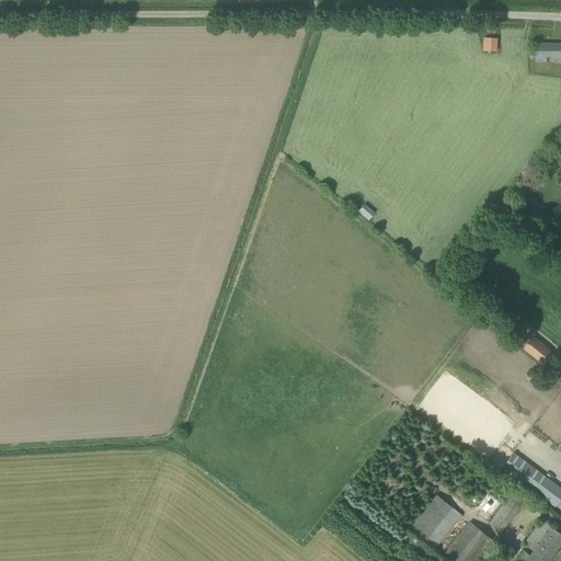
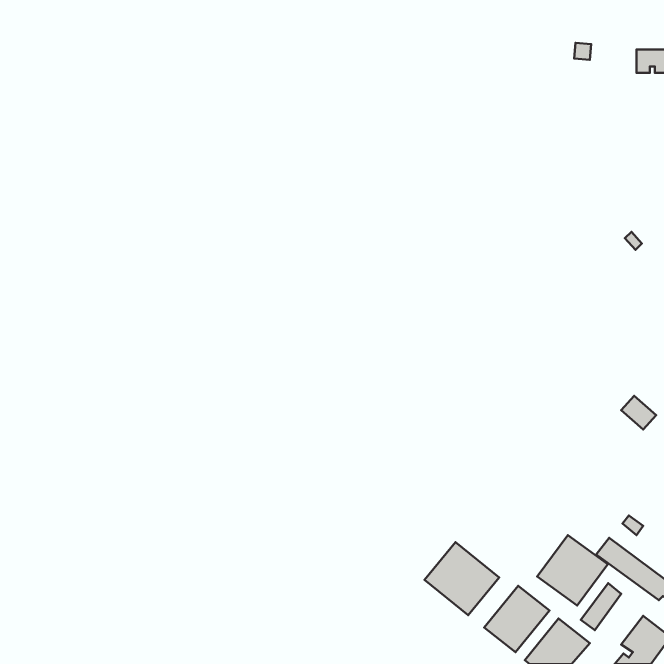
building: none -> [537,535,608,606]
building: none -> [425,542,499,615]

